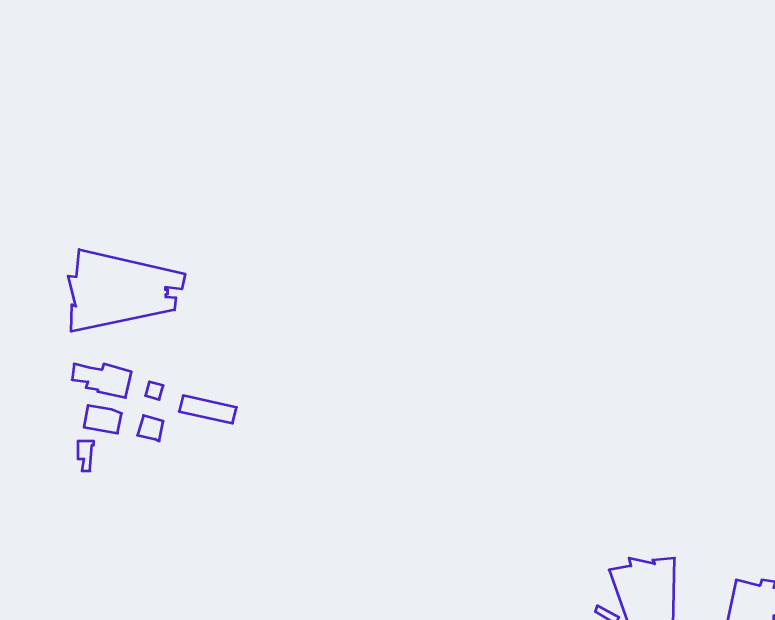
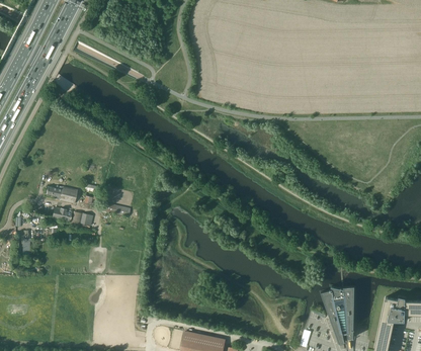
building: [68,249,185,331] -> none

